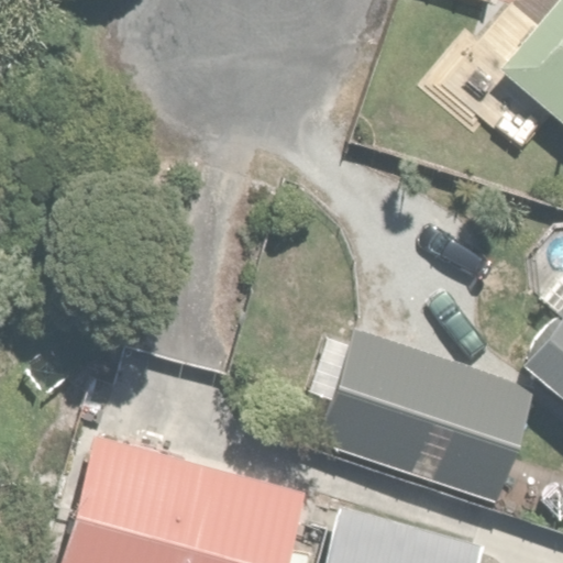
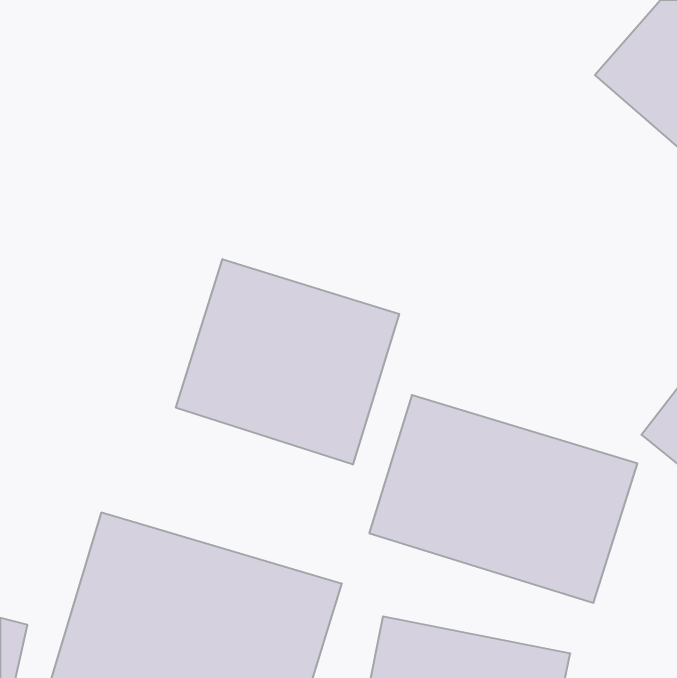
building: none -> [176,259,399,465]

